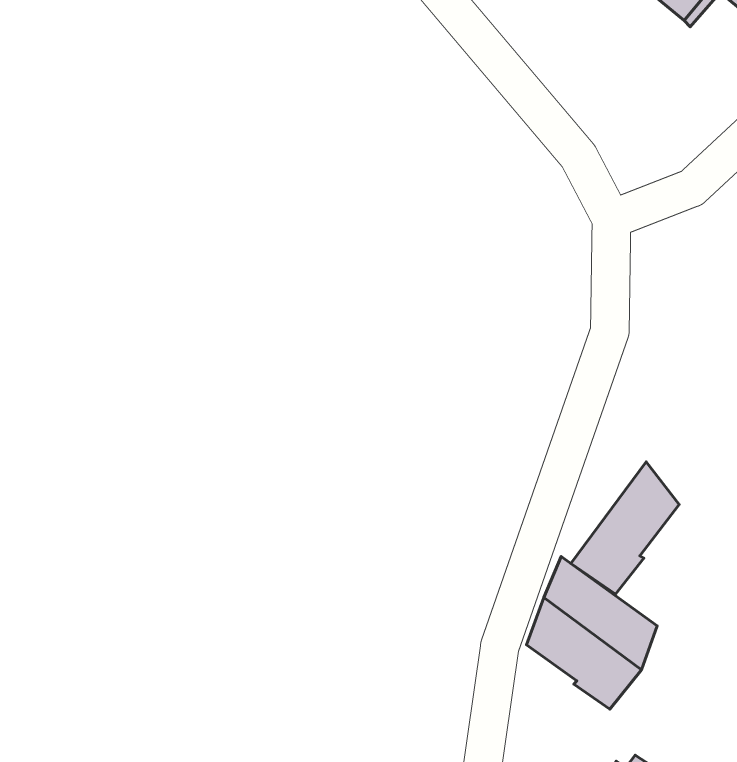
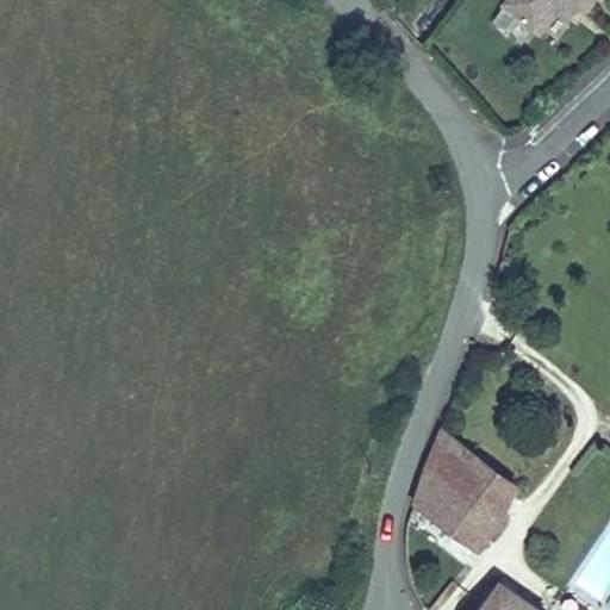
building: [571,462,679,594] -> none

